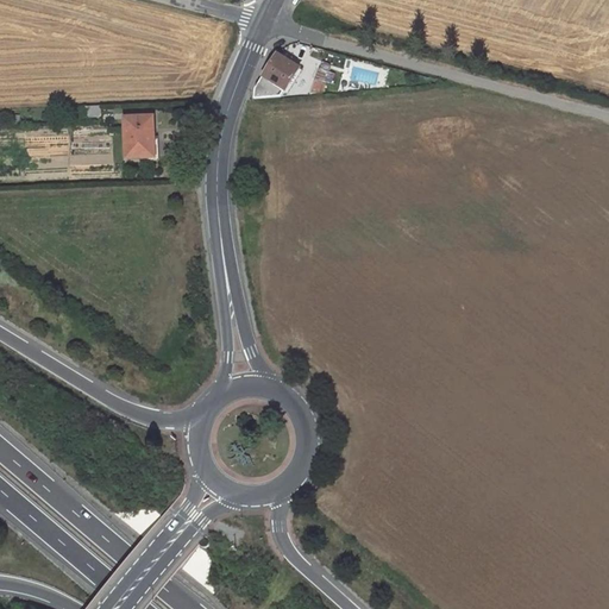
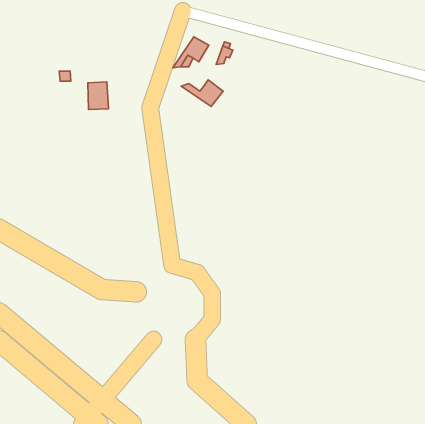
building: none -> [181,80,223,106]

